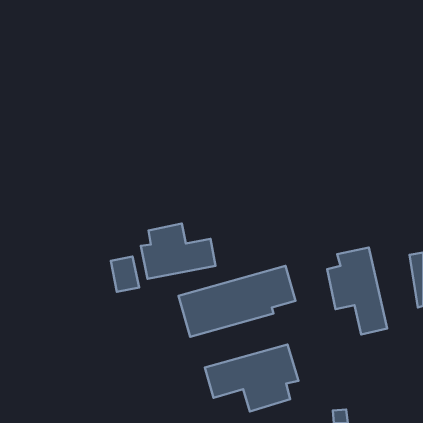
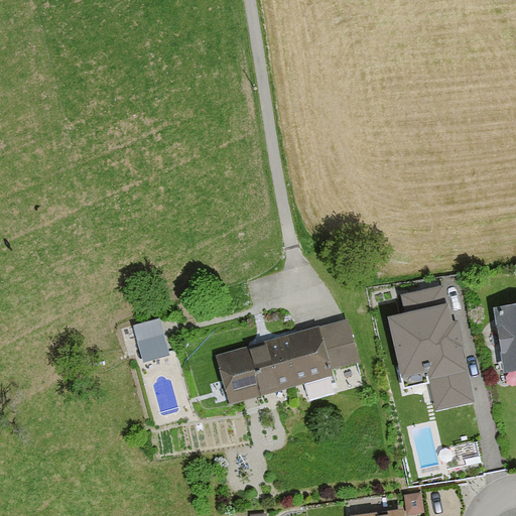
building: [141,223,216,279] -> none
building: [205,344,298,412] -> none

